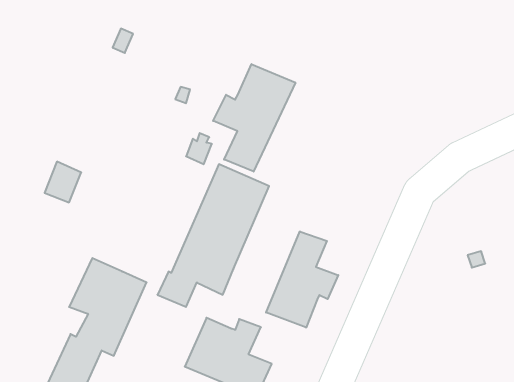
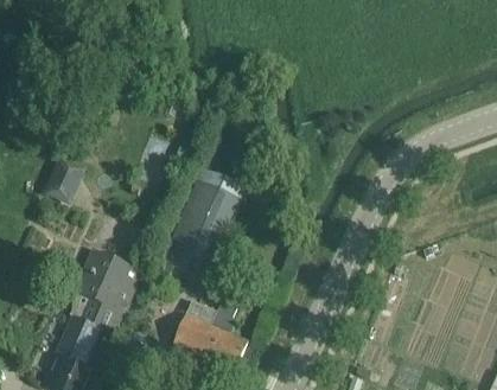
building: [213,64,295,172] -> none
building: [266,231,338,328] -> none

